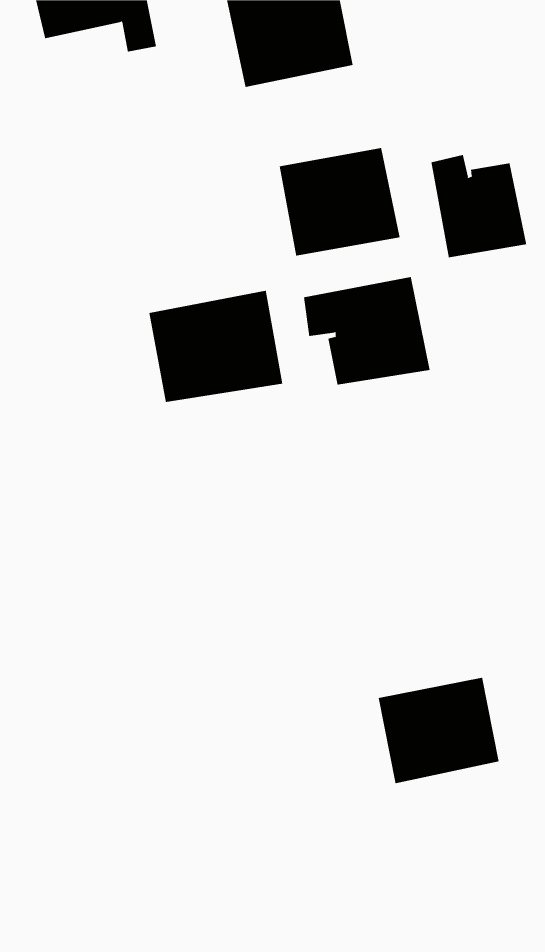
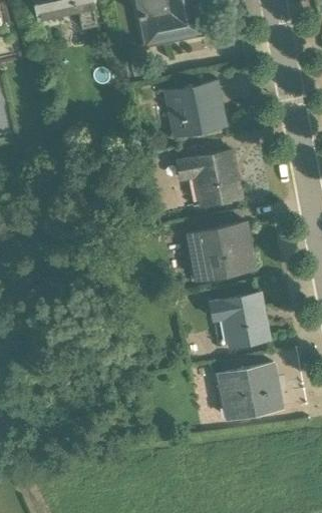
building: [431,154,527,258] -> none
building: [148,290,283,403] -> [185,220,257,281]
building: none -> [208,290,271,348]

